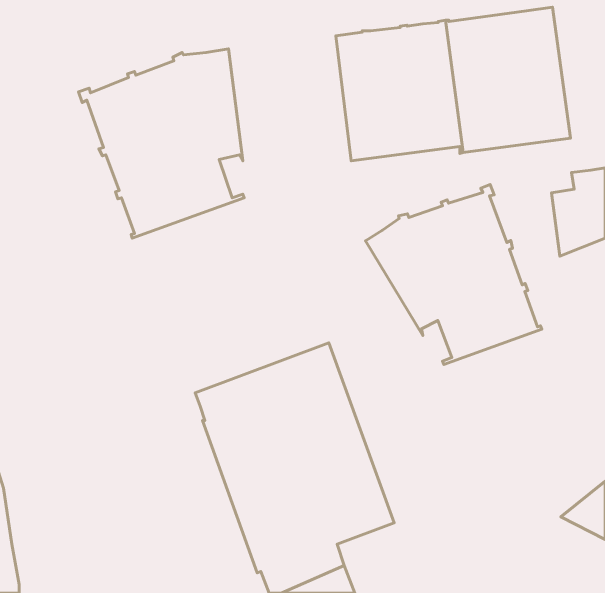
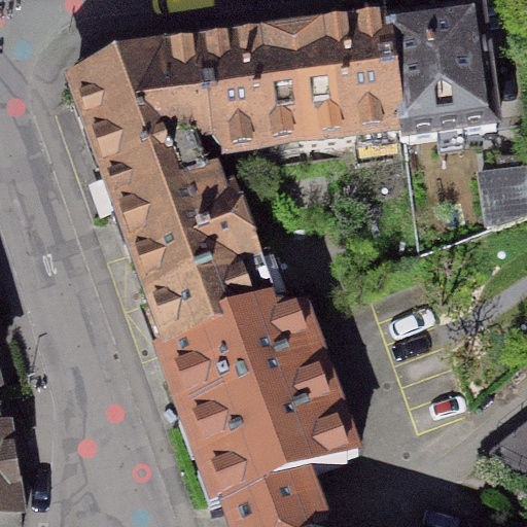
building: none -> [198,31,304,150]
building: [366,185,542,365] -> none
building: none -> [114,171,284,341]

